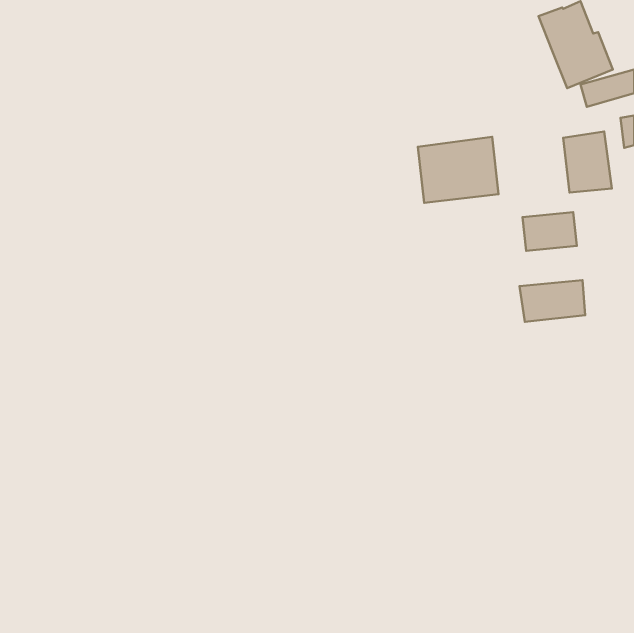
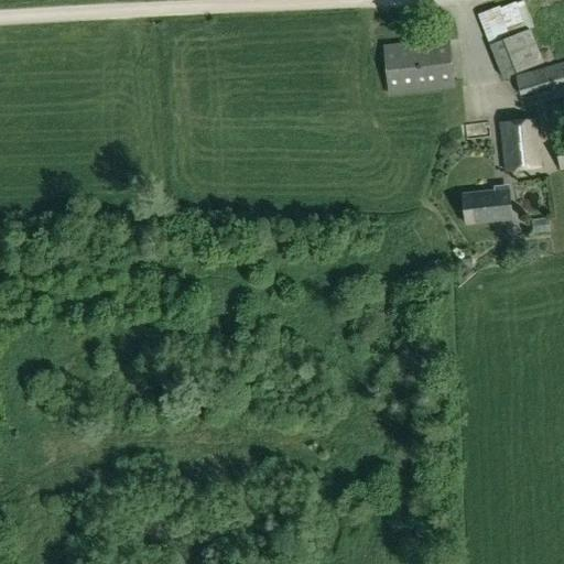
building: [418,137,498,203] -> [384,36,456,95]
building: [520,280,585,322] -> none

